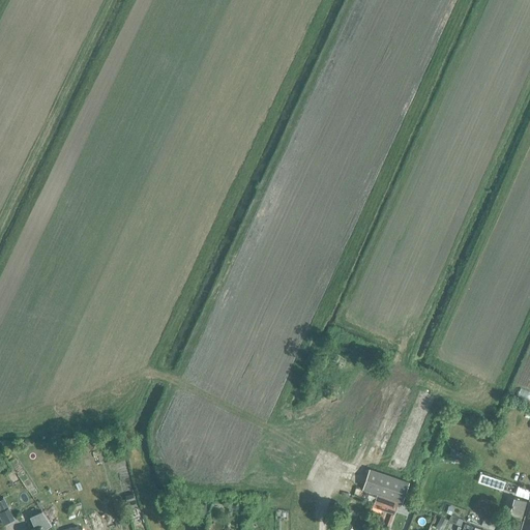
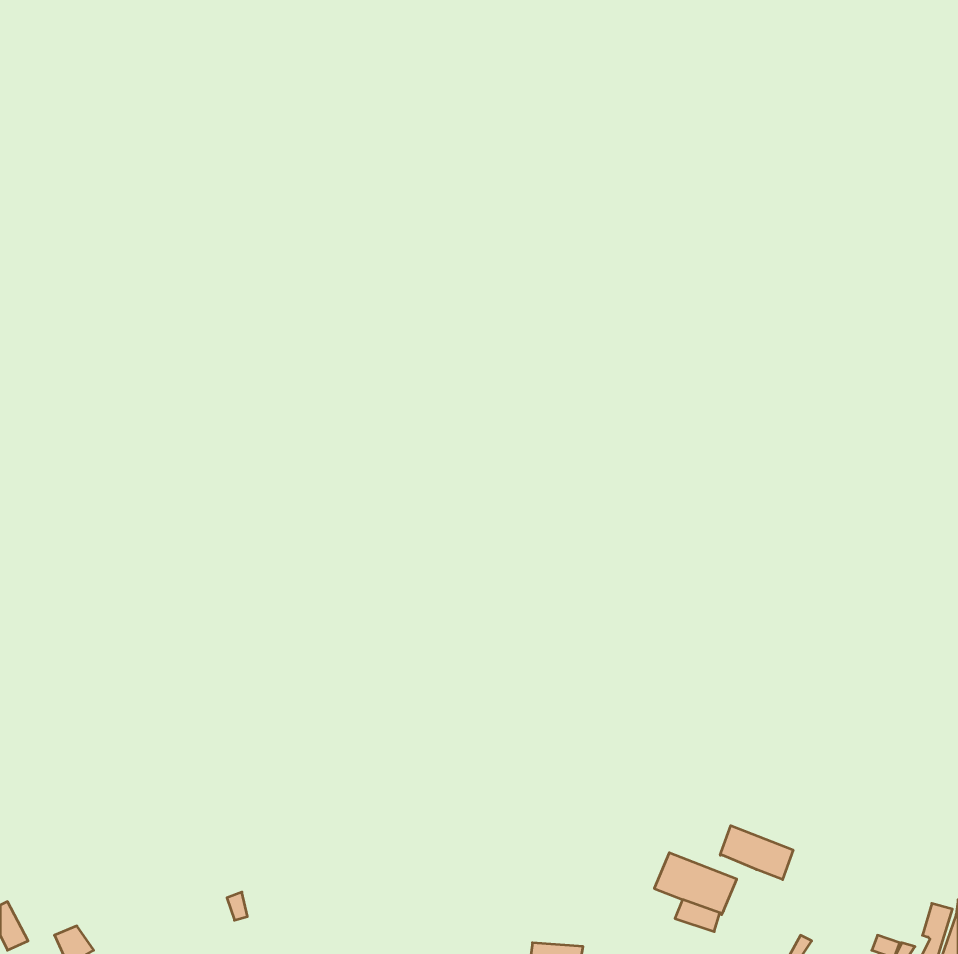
building: none -> [720,826,793,880]

